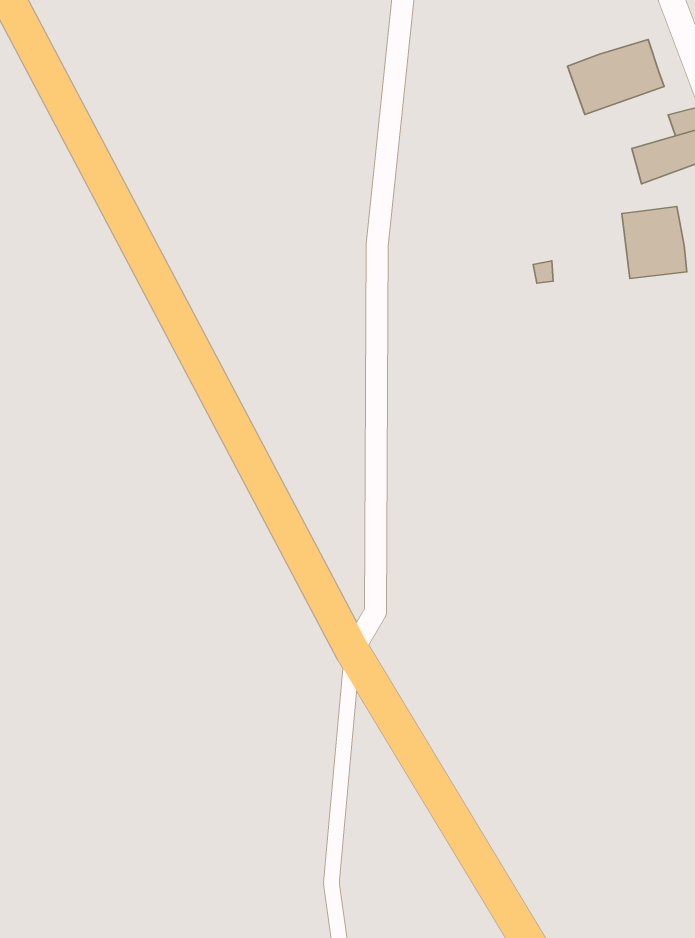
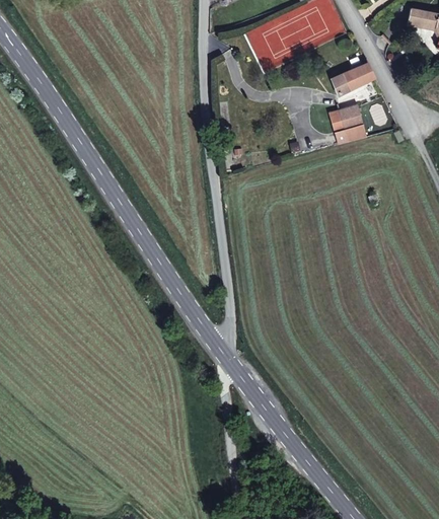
building: [568,39,664,115] -> none

